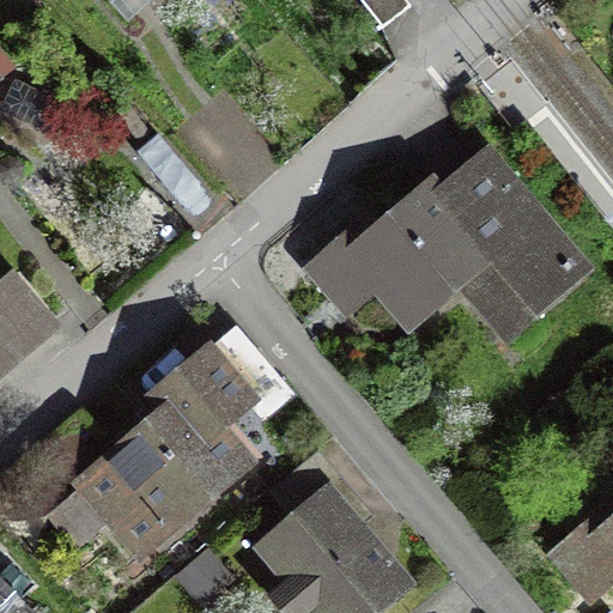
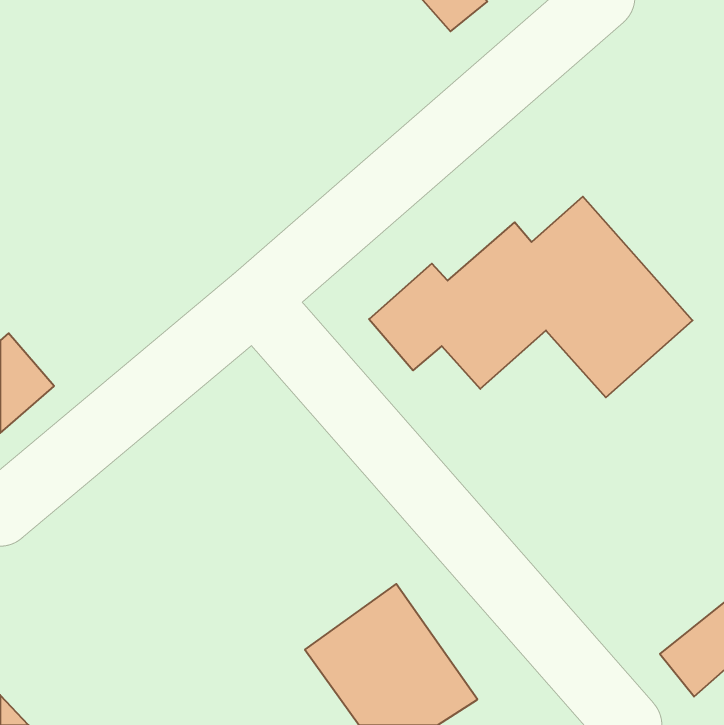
building: [71,356,250,542] -> none

